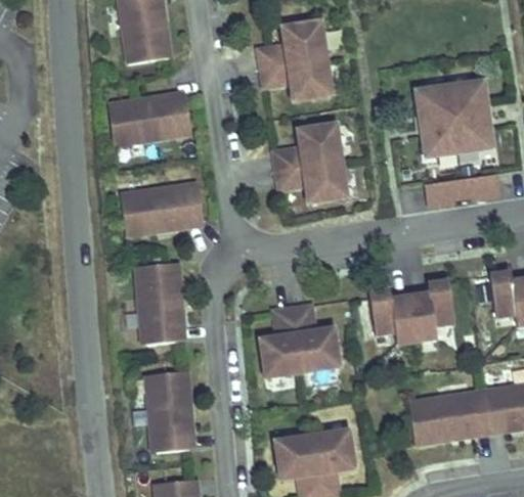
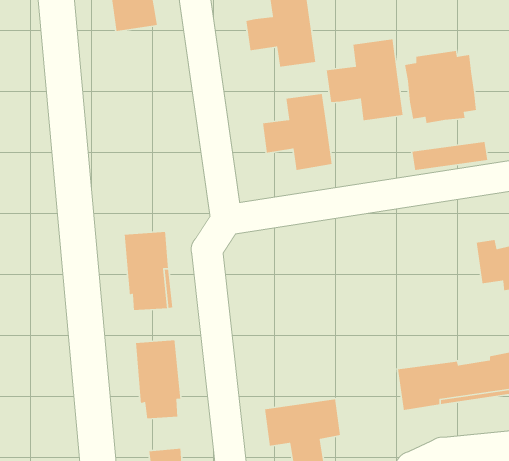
building: none -> [326,39,403,121]
building: [107,95,189,145] -> none
building: [121,185,203,234] -> none
building: [369,280,455,342] -> none
building: [260,306,338,376] -> none

